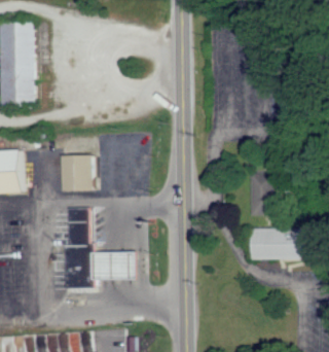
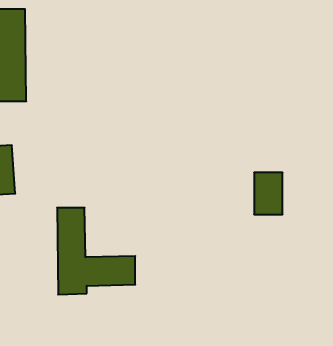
building: [60,153,95,189] -> none
building: [252,228,306,259] -> none

